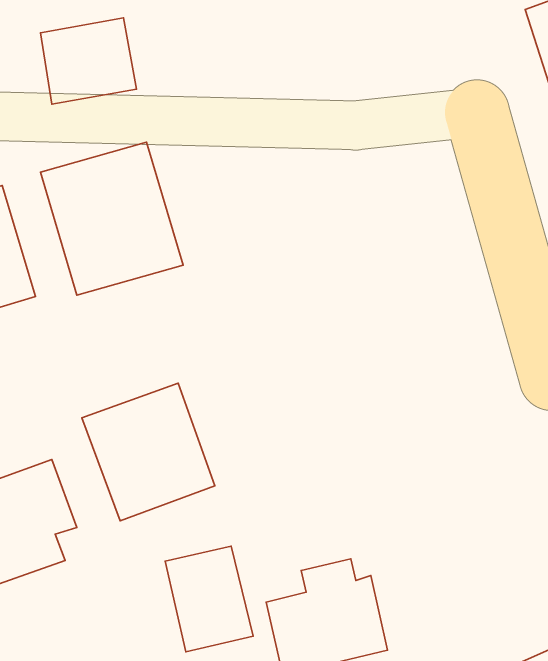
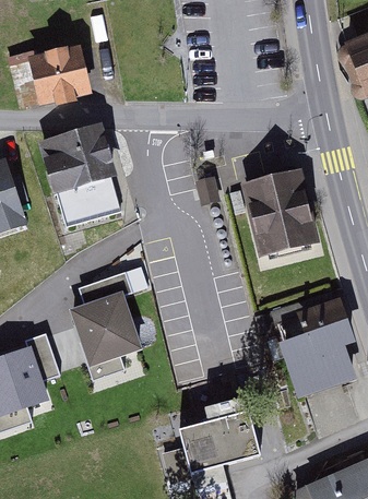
building: none -> [241,163,316,247]
building: none -> [271,289,354,391]
building: [165,546,253,652] -> none

